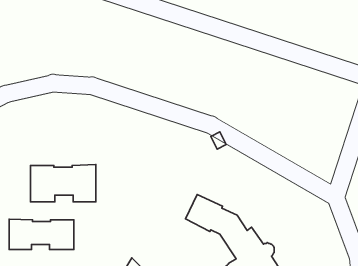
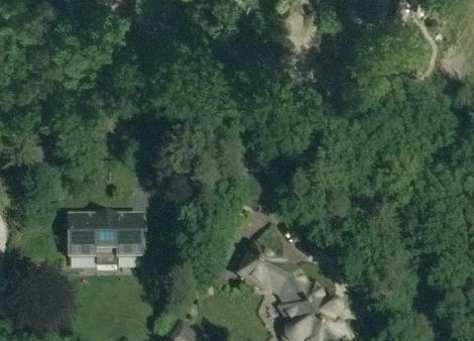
building: [9,219,74,250] -> none

